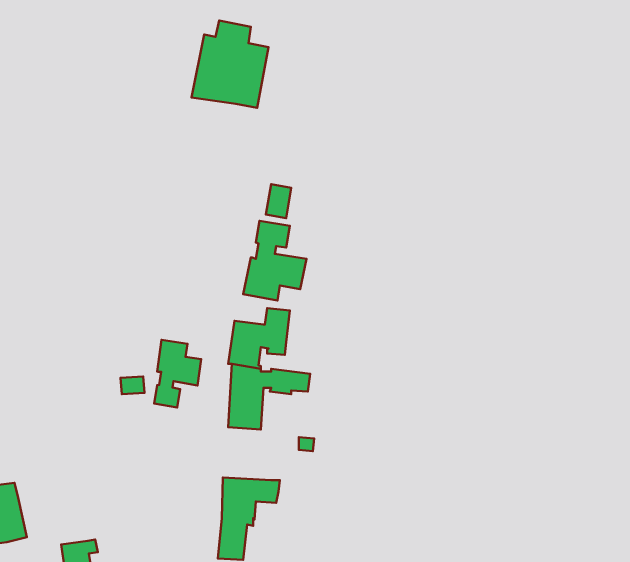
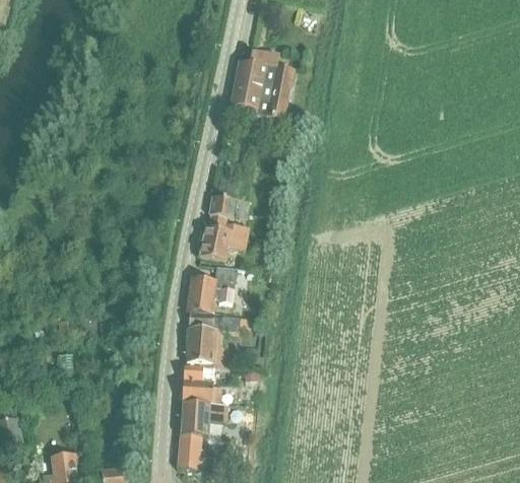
building: [191,20,269,108] -> [229,49,290,119]
building: [154,340,201,408] -> none
building: none -> [182,364,220,403]

